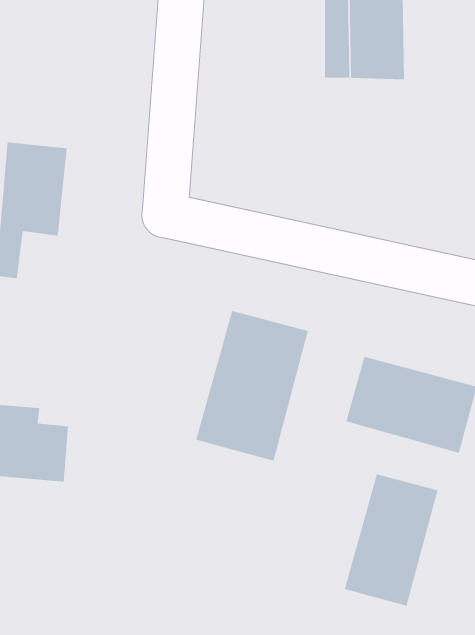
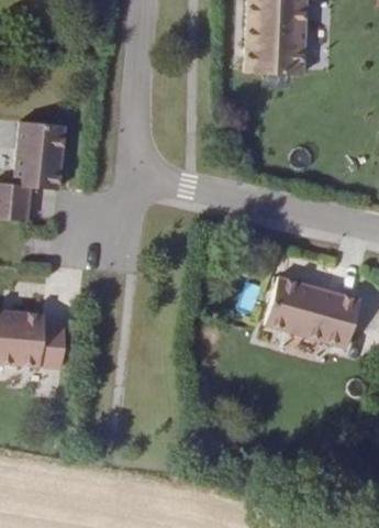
building: [196,310,309,462] -> none
building: [344,474,438,607] -> none

